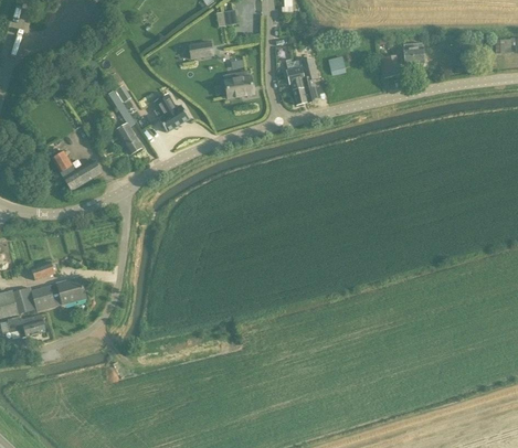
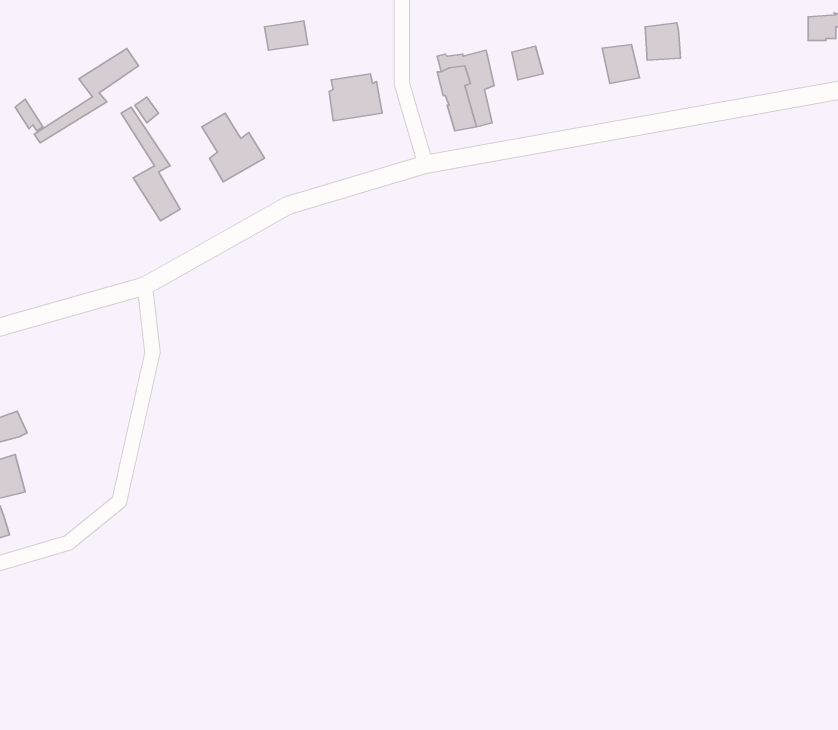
building: none -> [34,48,139,143]
building: [51,150,99,190] -> none
building: [47,276,84,306] -> none

